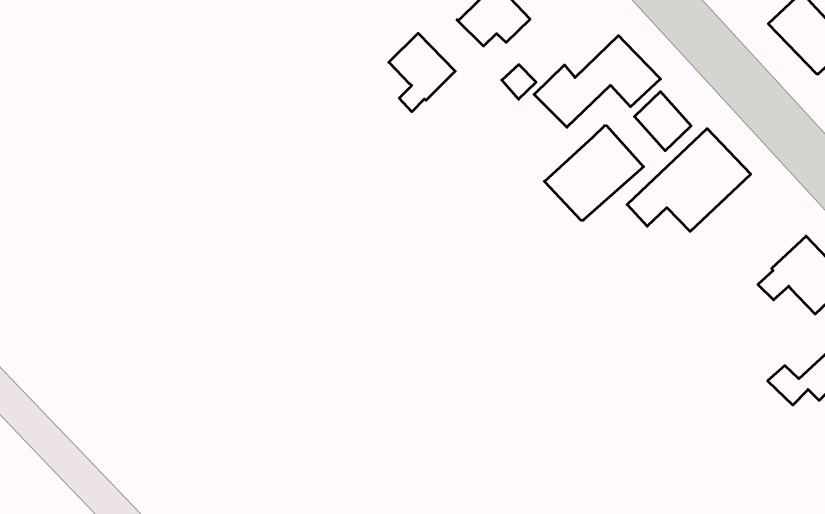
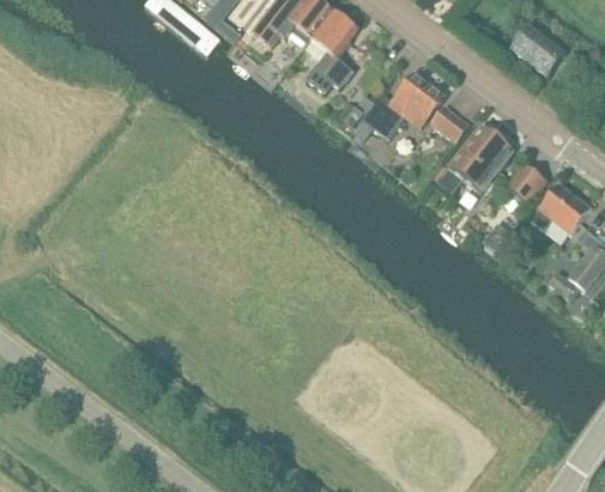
building: [389,33,455,112] -> none
building: [544,126,644,220] -> none
building: none -> [506,163,546,204]

